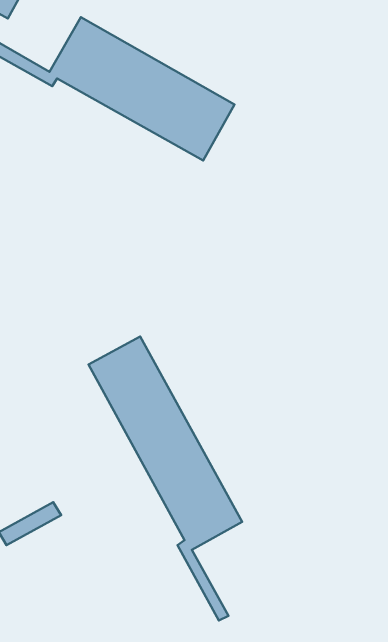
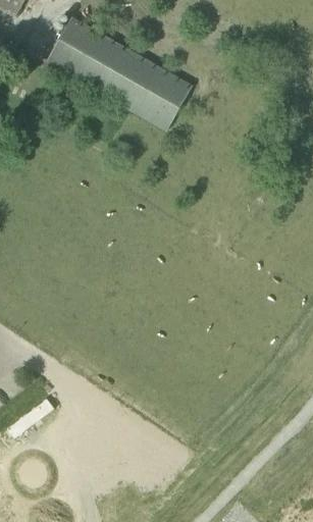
building: [88,336,242,620] -> none

